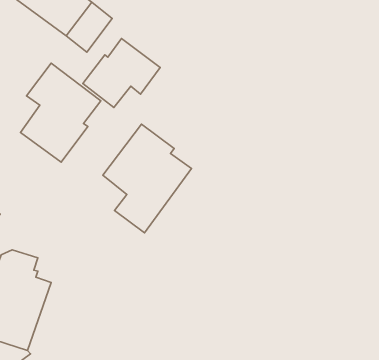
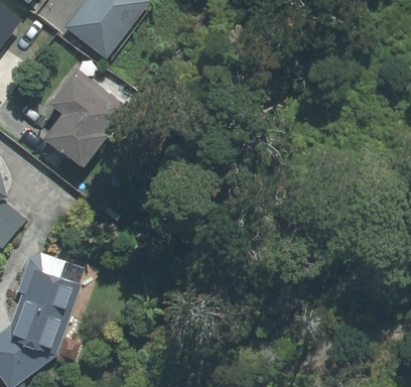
building: [83,39,160,107] -> none
building: [103,124,192,233] -> none

